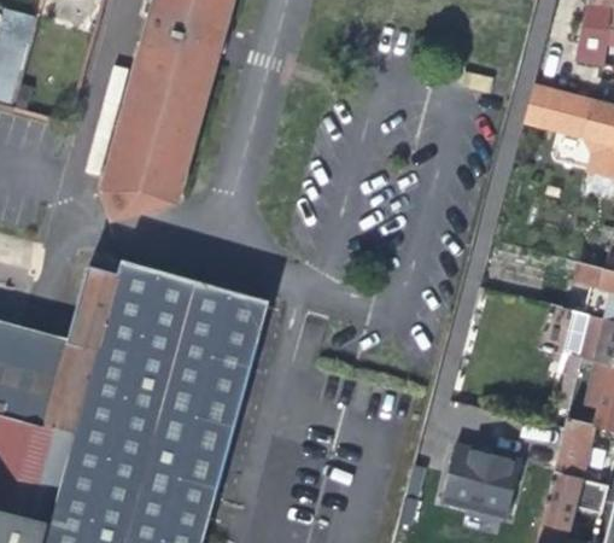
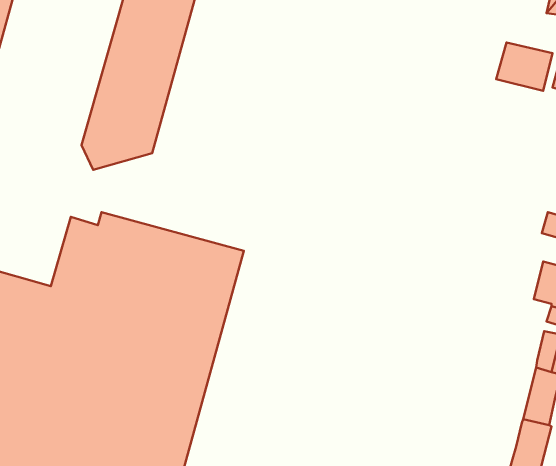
building: [442,445,519,515] -> none

